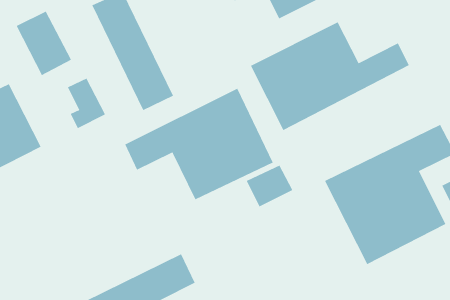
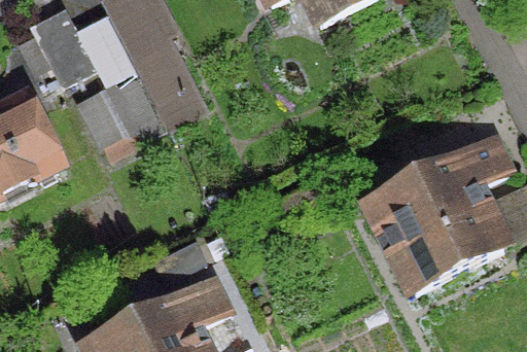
building: [250,22,409,131] -> none
building: [125,88,274,200] -> none

